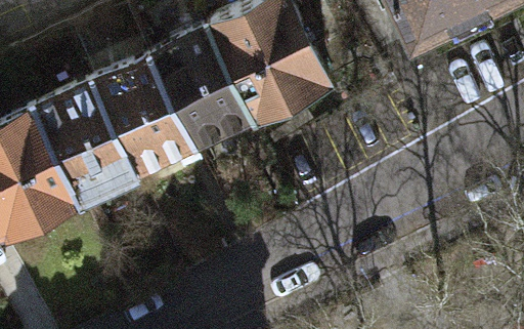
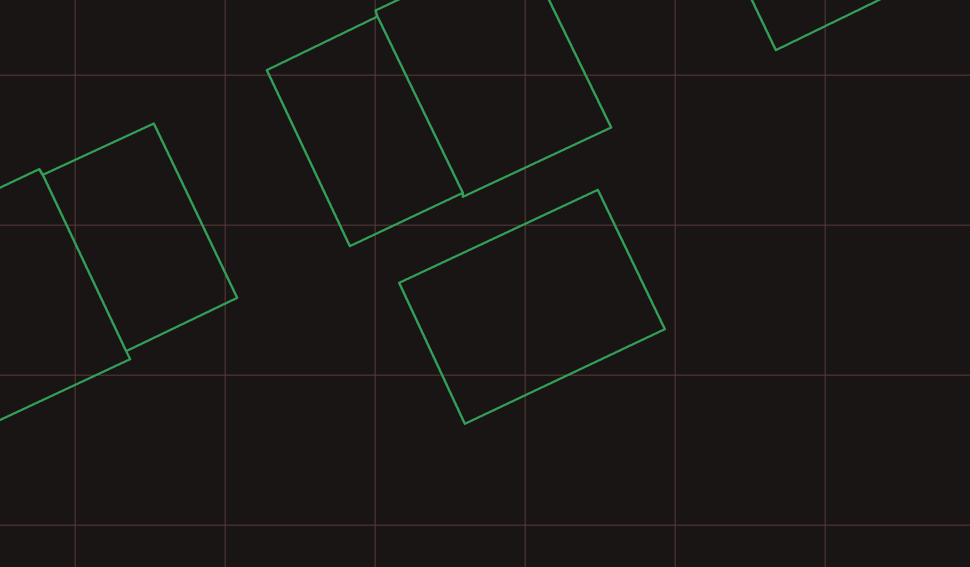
building: [94,57,195,175] -> none
building: none -> [399,190,665,424]

